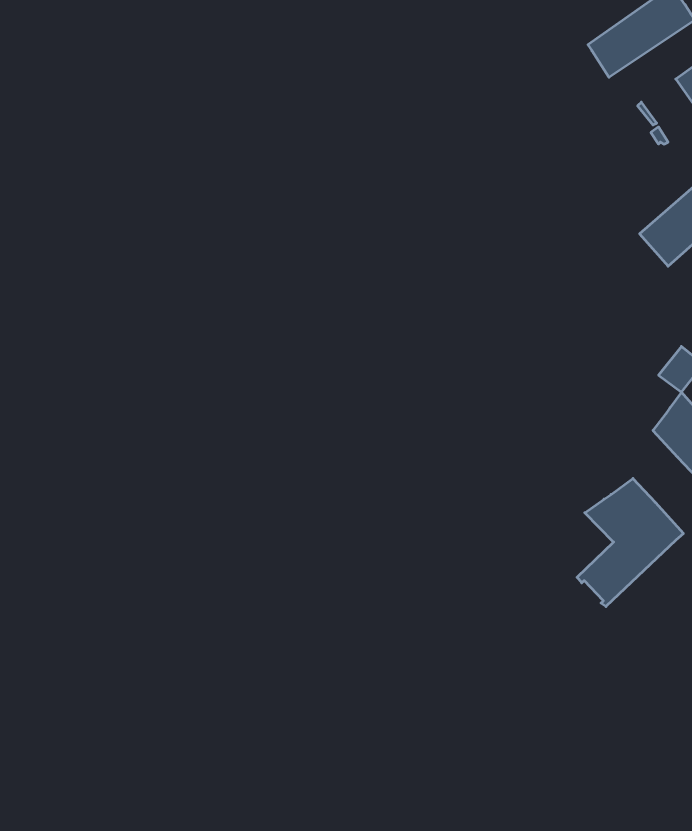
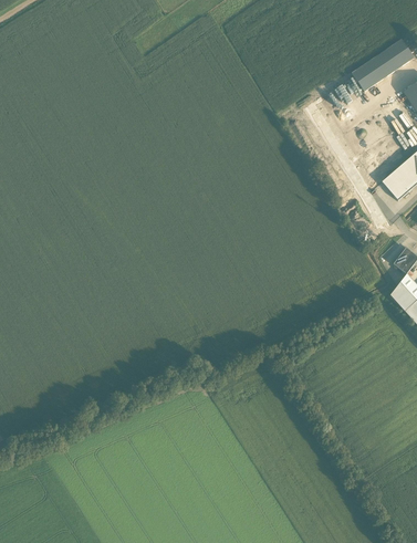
building: [577,478,683,607] -> none

